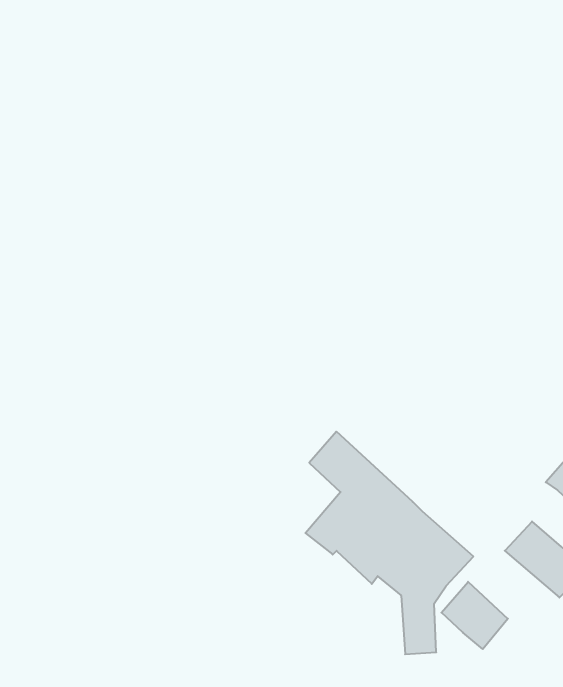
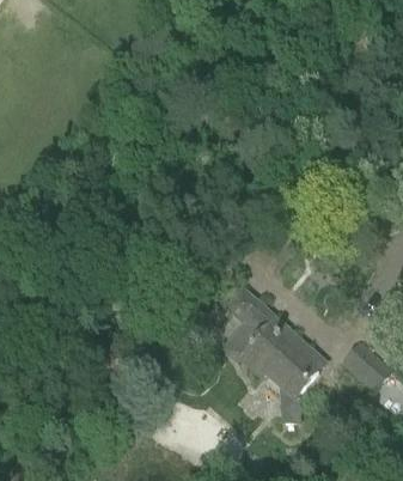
building: [441,582,508,649] -> none

